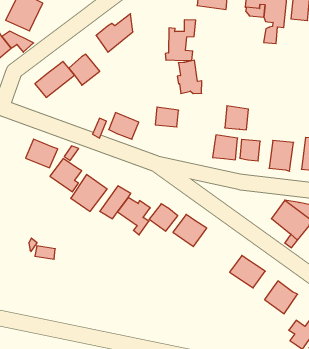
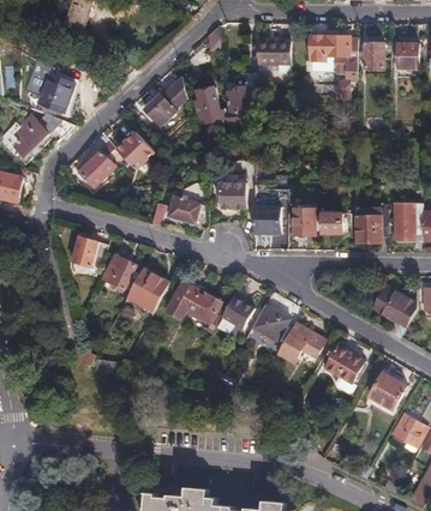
building: [177,60,202,94] -> [194,86,225,126]
building: [225,106,248,130] -> [255,209,280,234]
building: none -> [275,323,324,362]

